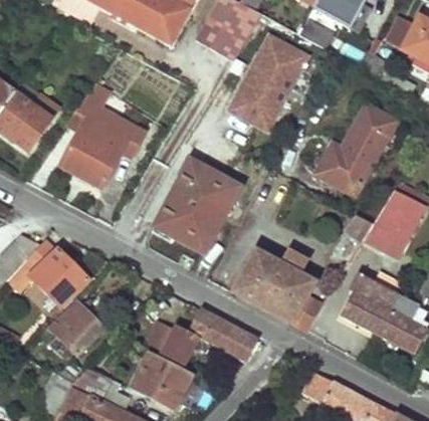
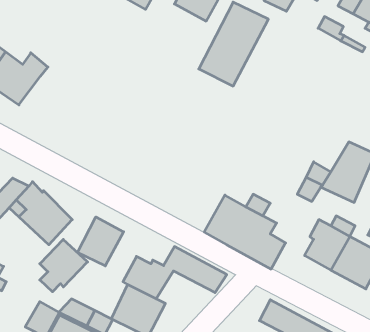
building: [59,85,146,188] -> none
building: [317,104,399,195] -> none
building: [155,161,242,256] -> none
building: none -> [77,217,124,266]

